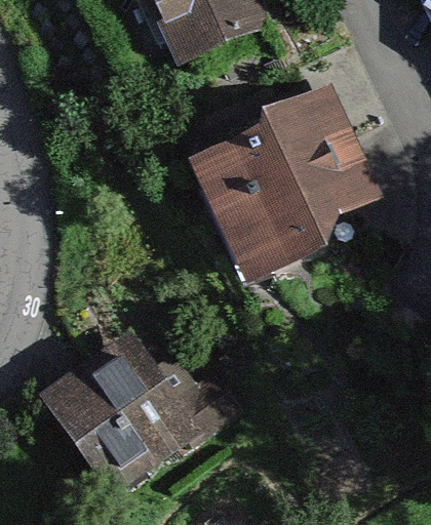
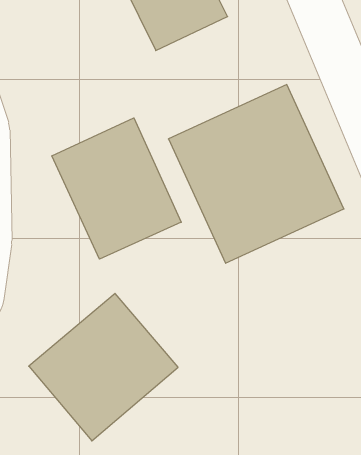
building: none -> [52,118,181,259]

